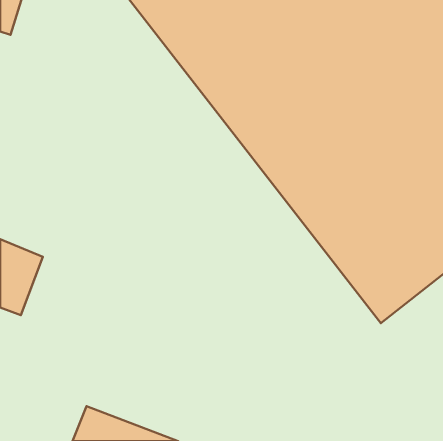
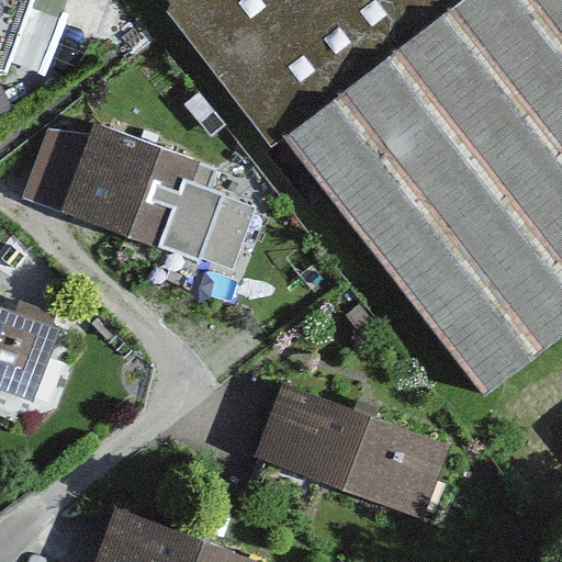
building: none -> [59,124,237,247]
building: none -> [261,391,453,515]

